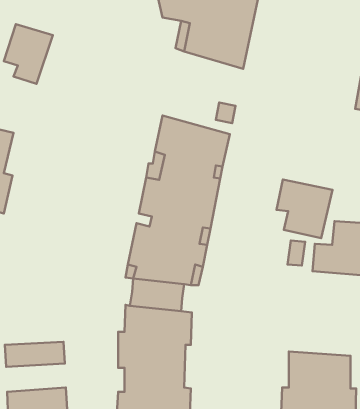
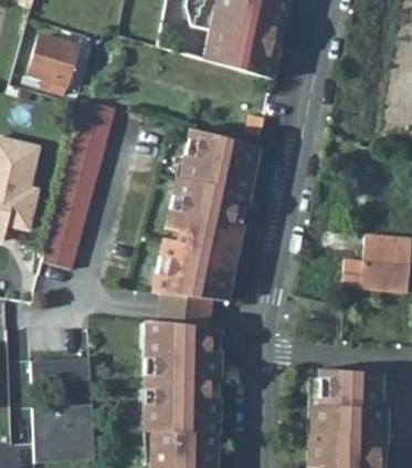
building: none -> [43,98,115,271]
building: [277,179,333,238] -> none

